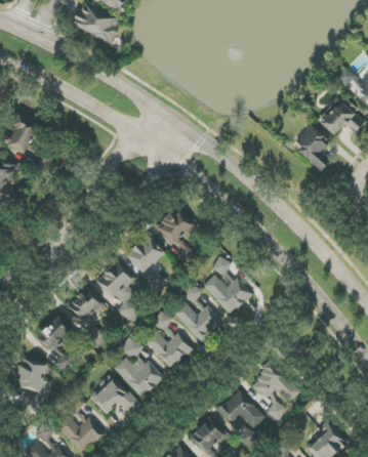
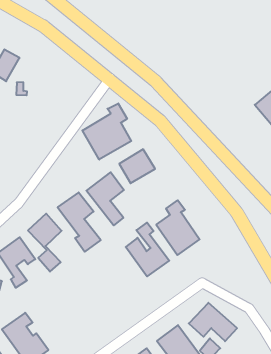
building: none -> [82,103,131,160]
building: [146,311,191,368] -> none
building: [114,337,162,398] -> none
building: [92,378,137,413] -> none

